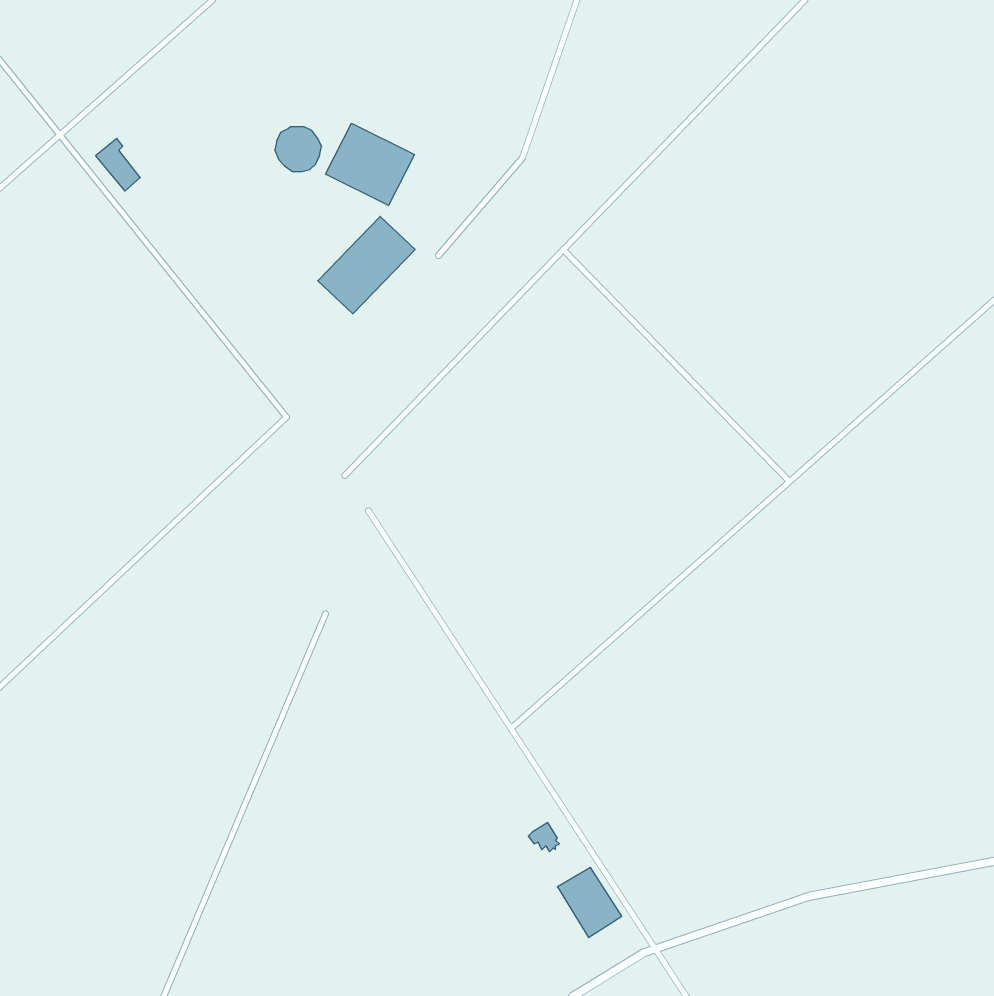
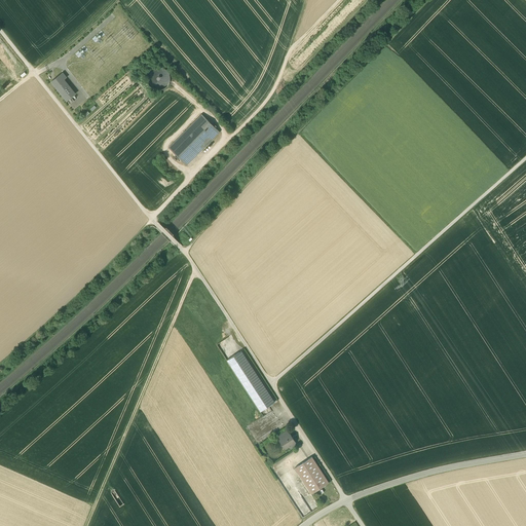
building: [326,123,414,206] -> none
building: none -> [228,350,274,410]

